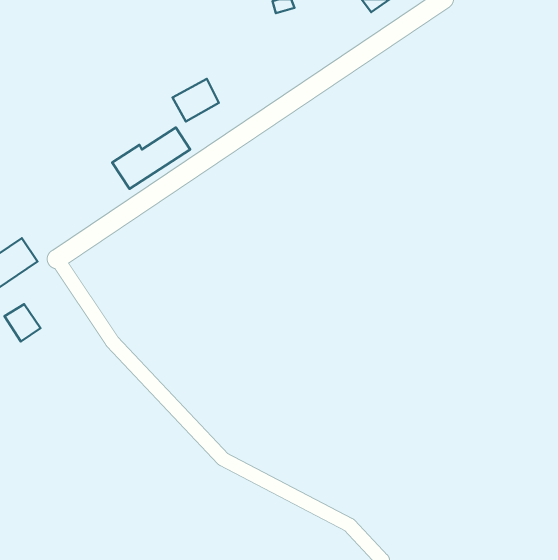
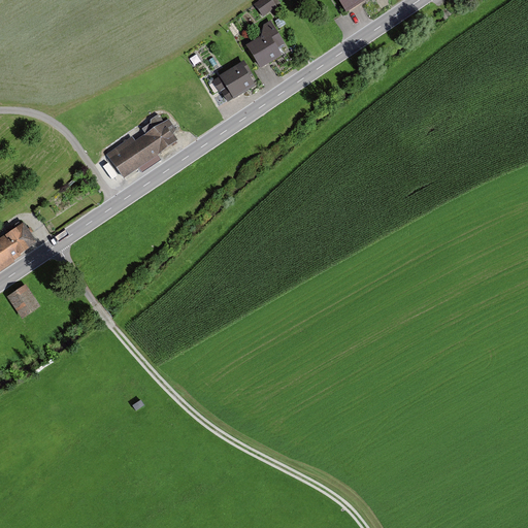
building: none -> [246,21,285,66]
building: [173,79,219,122] -> [212,61,256,101]

